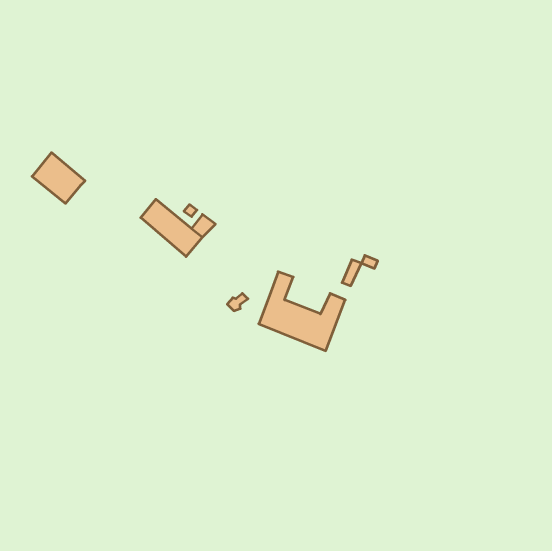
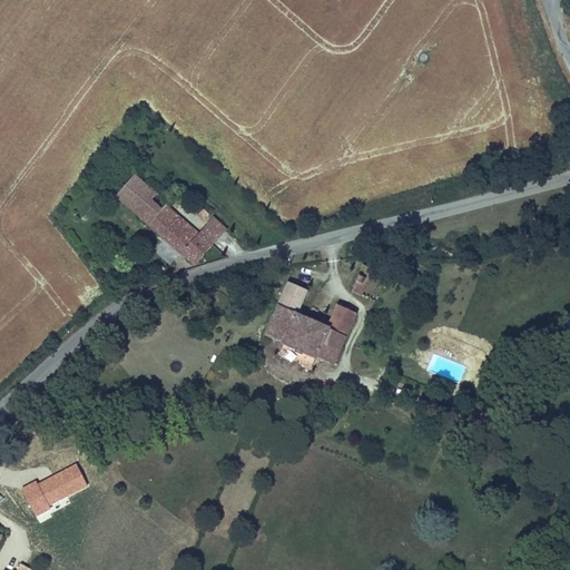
building: [32,153,85,203] -> [111,171,166,224]
building: none -> [23,464,87,520]

